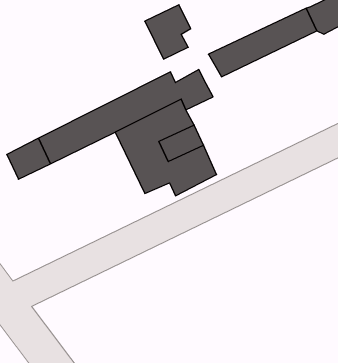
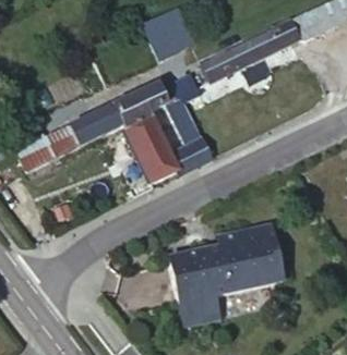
building: none -> [172,223,286,323]

